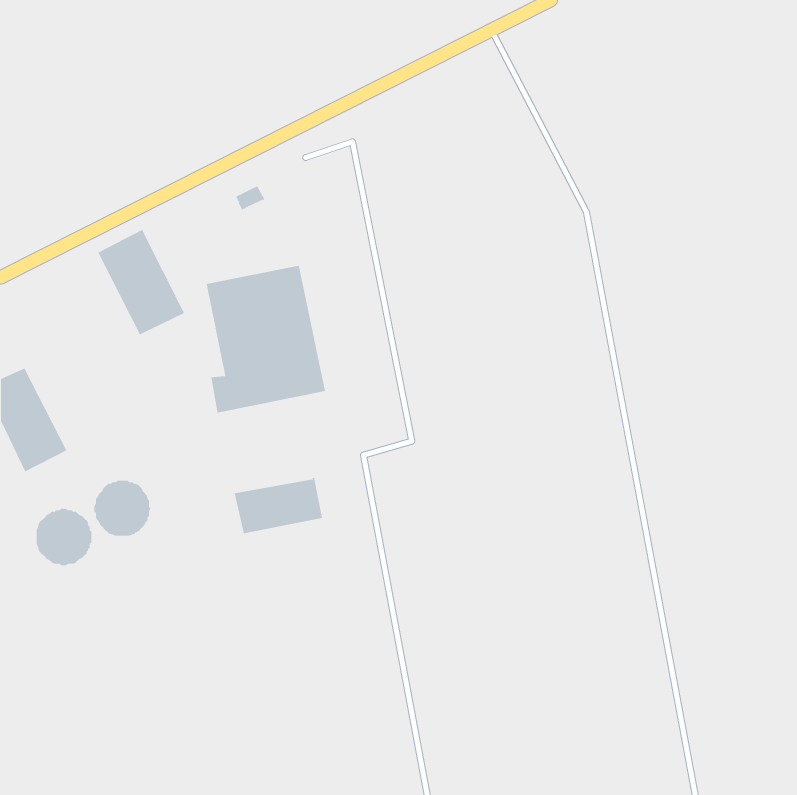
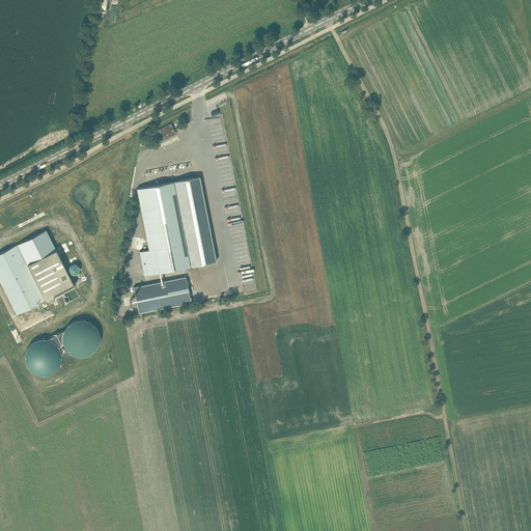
building: [97,229,185,335] -> [17,230,75,301]
building: [234,478,323,534] -> [133,277,192,314]

